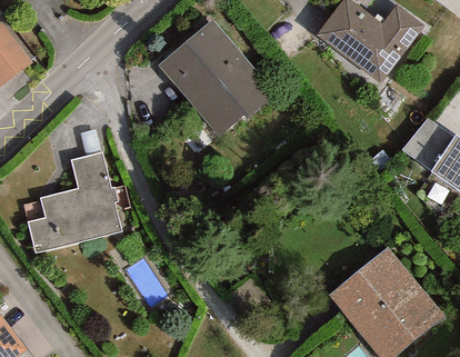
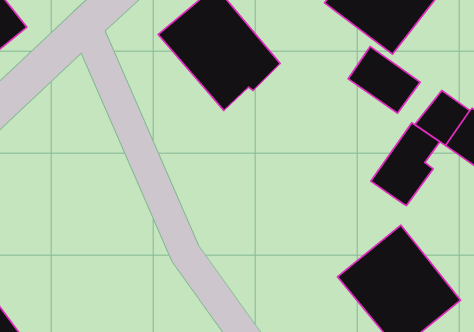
building: none -> [348,46,420,113]
building: none -> [371,123,440,205]
building: [23,151,121,251] -> none

